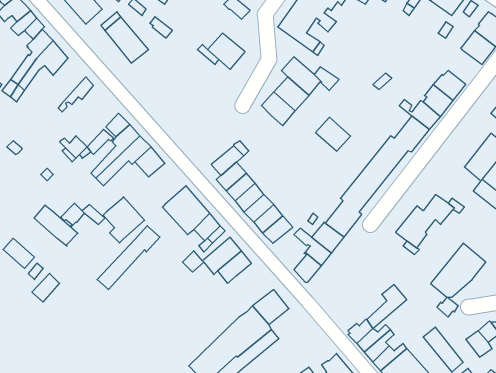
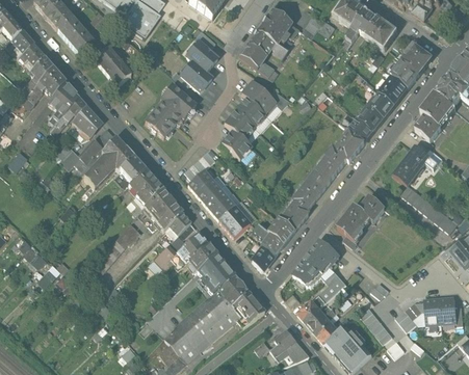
building: none -> [187,42,218,72]
building: none -> [380,75,409,104]
building: none -> [49,82,80,120]
building: none -> [146,85,196,137]
building: none -> [72,105,103,136]
building: [316,117,351,151] -> [223,130,252,158]
building: [103,197,145,243] -> [129,168,163,207]
building: [34,205,78,246] -> none
building: [431,243,486,297] -> [293,239,339,284]
building: none -> [198,252,236,293]
building: none -> [232,290,265,321]

